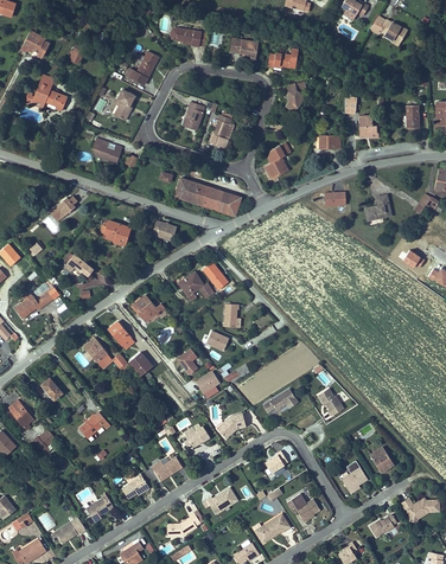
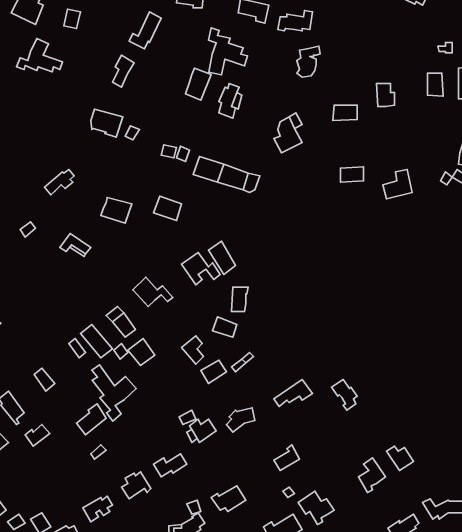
building: none -> [208,28,247,75]
building: [15,288,60,319] -> none
building: none -> [92,365,136,421]

